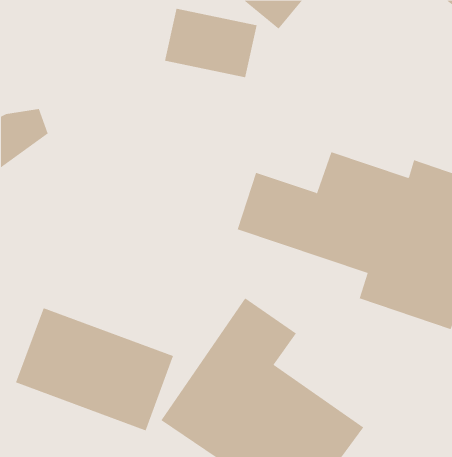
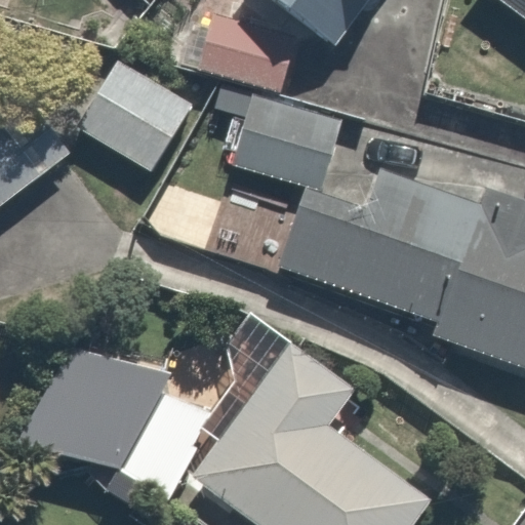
building: none -> [78,55,192,169]
building: none -> [231,89,335,191]

